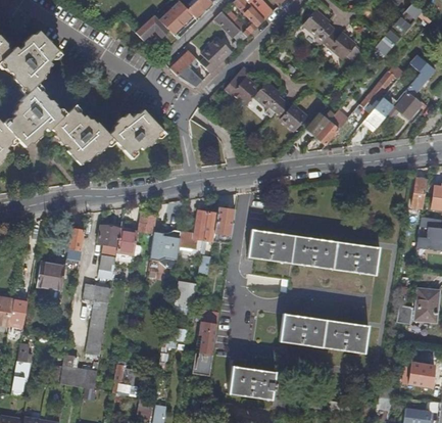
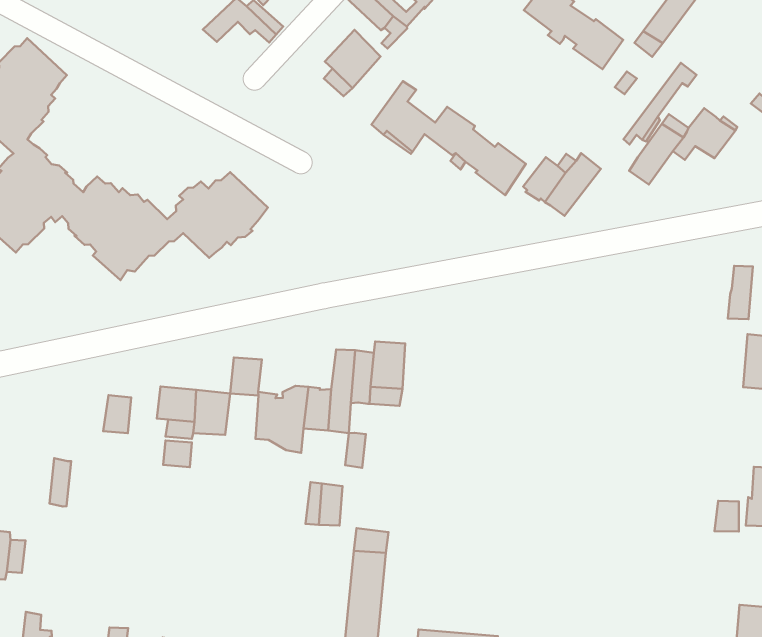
building: [169,51,201,88] -> none
building: [405,55,434,96] -> none
building: [247,229,379,275] -> none
building: [45,263,64,289] -> none
building: [83,283,110,355] -> none
building: [279,314,367,354] -> none

